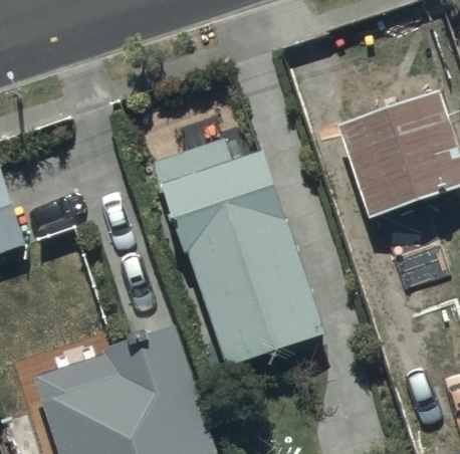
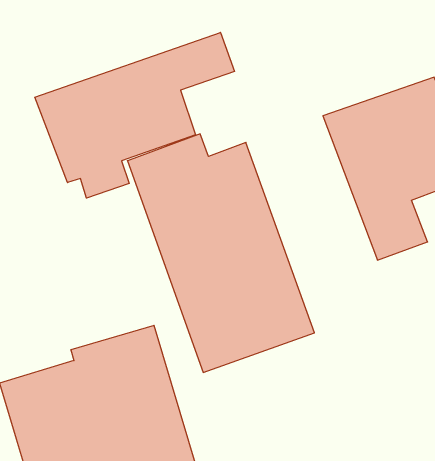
building: none -> [35,32,234,198]

